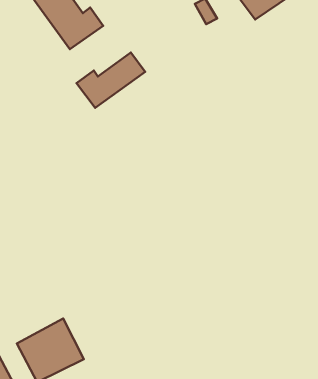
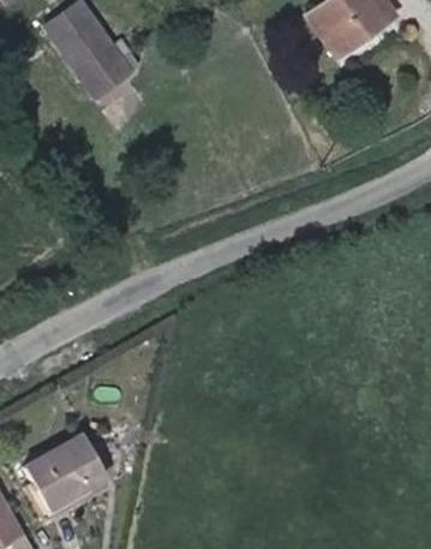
building: [77,52,145,108] -> none

